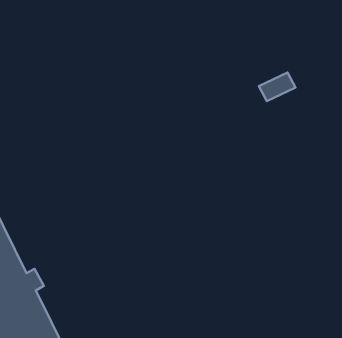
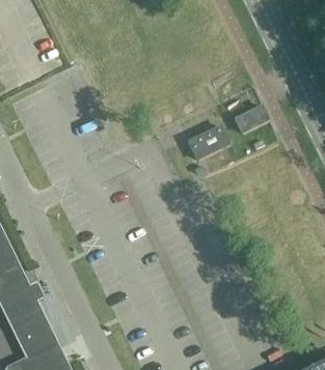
building: none -> [190,123,231,155]

